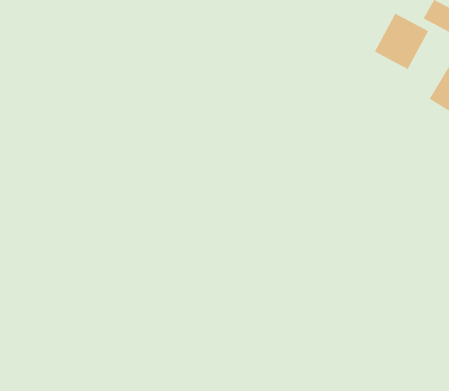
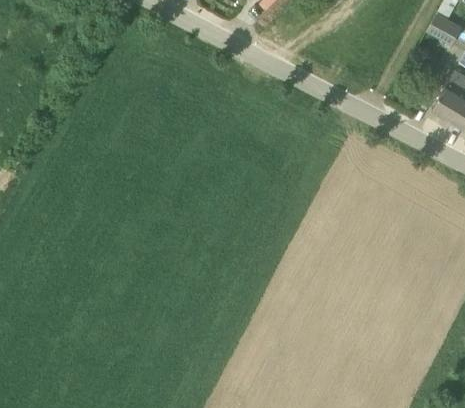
building: [374,13,429,70] -> none

